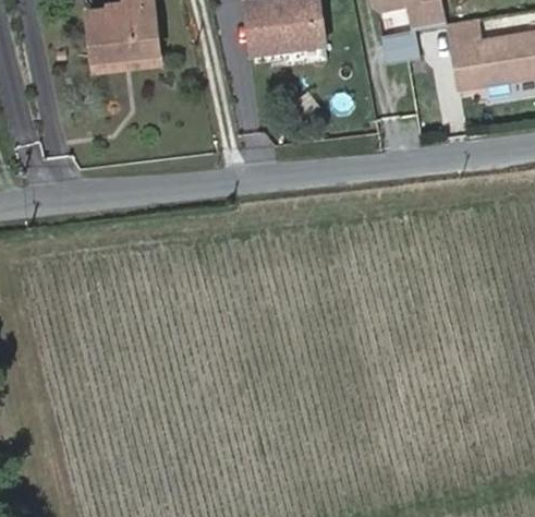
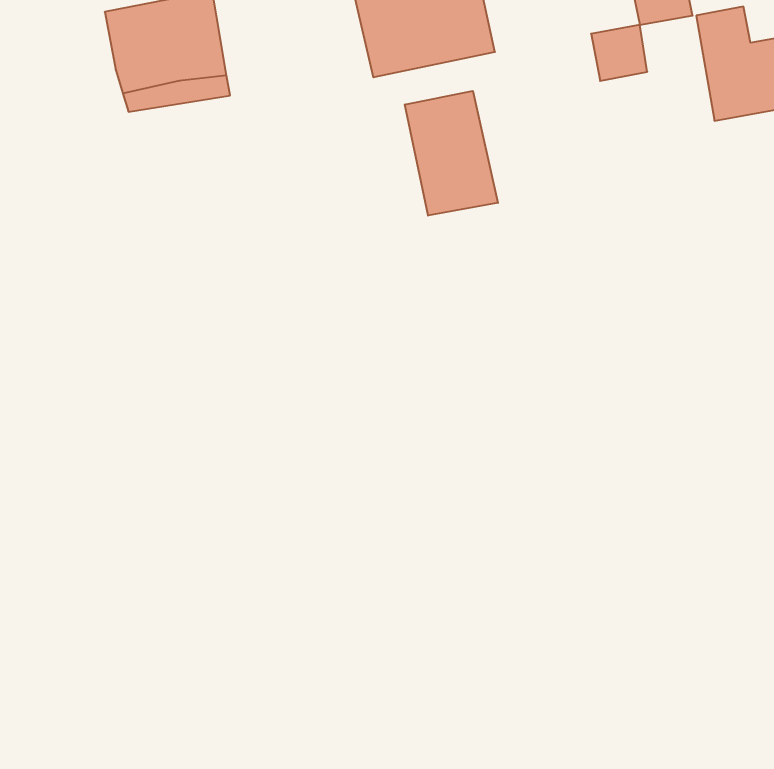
building: none -> [405,91,498,216]

